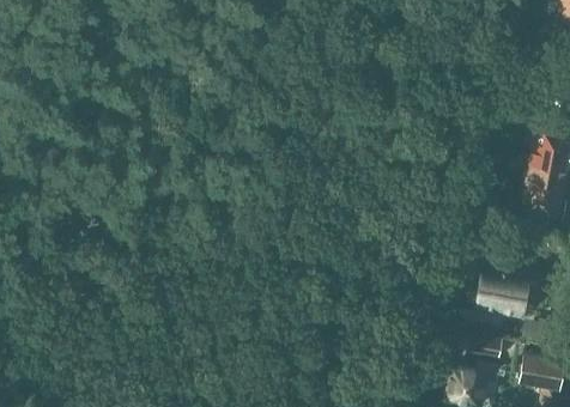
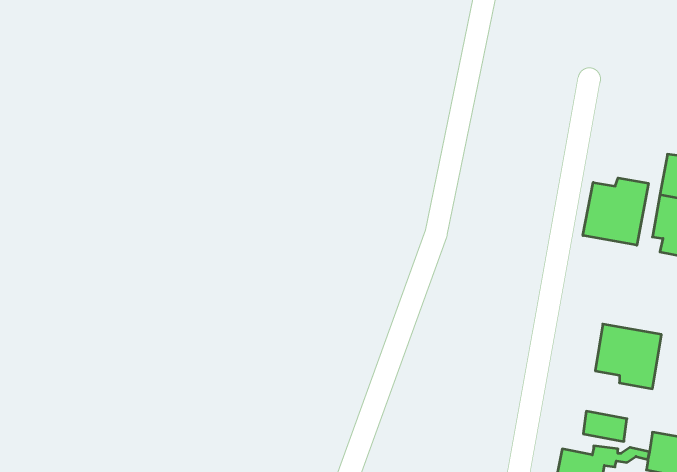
building: none -> [583,178,648,245]

